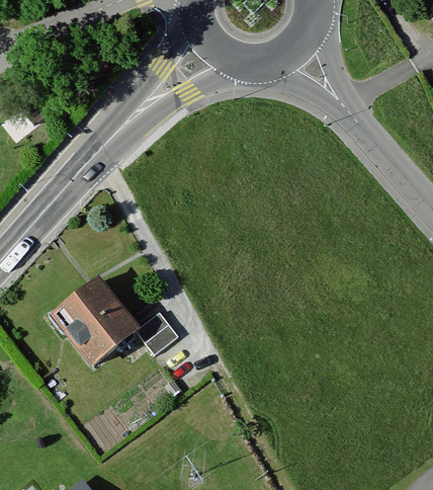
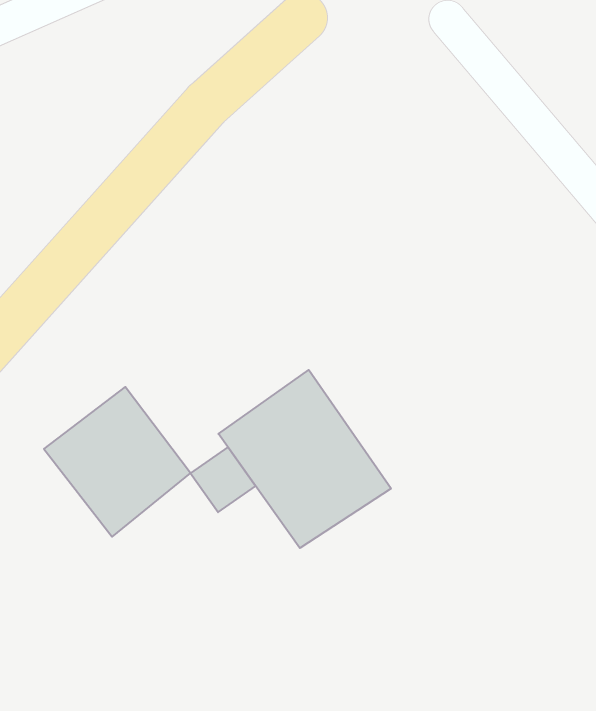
building: none -> [218,370,391,548]

